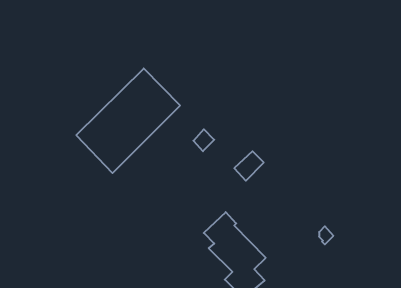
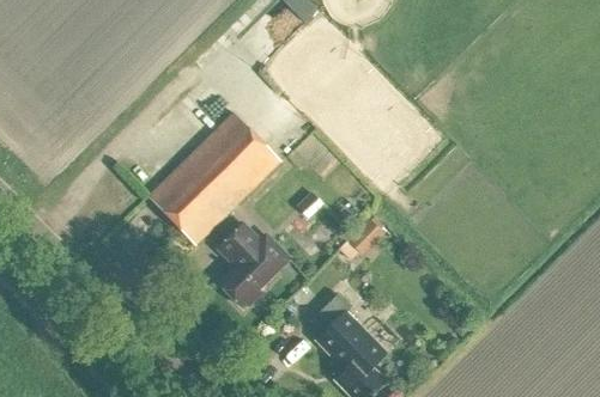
building: none -> [218,224,287,306]

